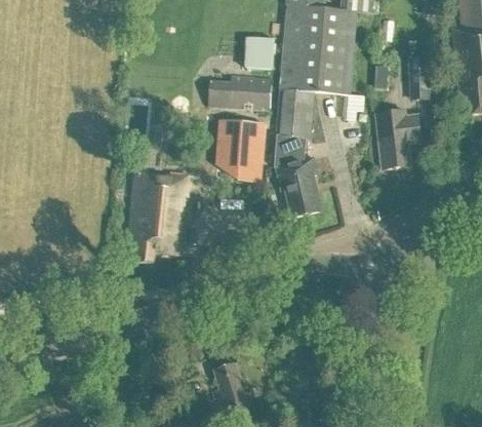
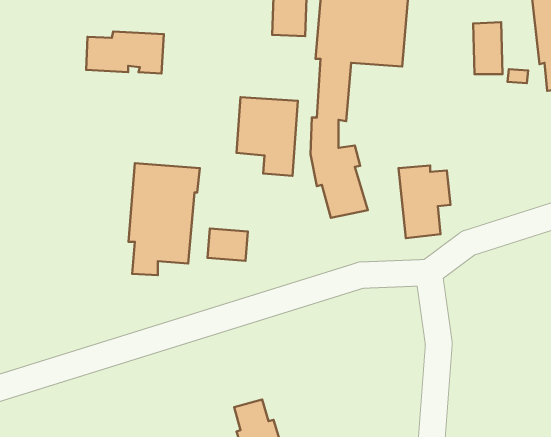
building: [208,76,271,110] -> [86,32,164,74]
building: [376,110,418,168] -> [398,166,451,238]
building: none -> [208,228,248,261]

